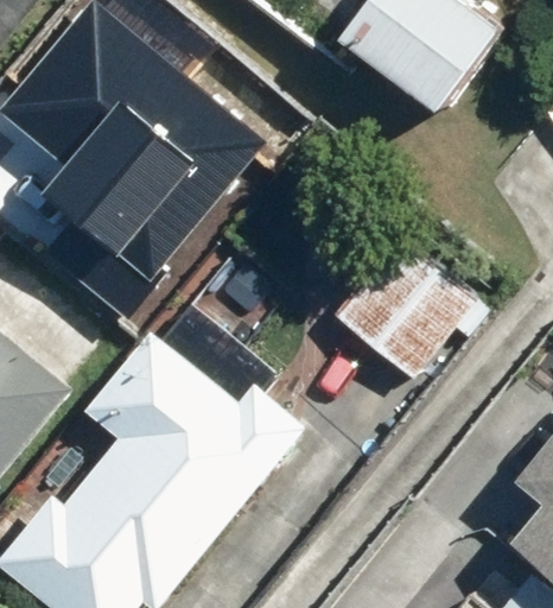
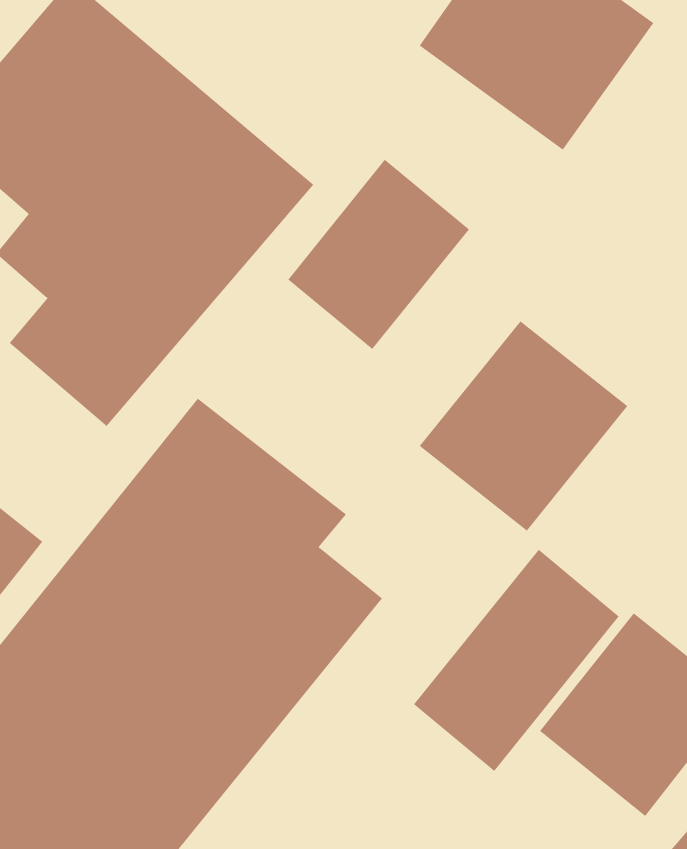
building: none -> [287,159,470,350]
building: none -> [413,549,620,772]

